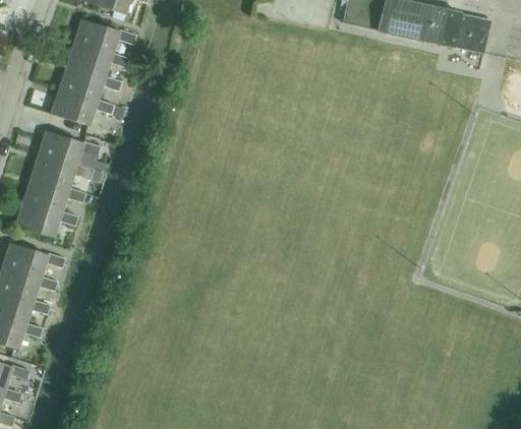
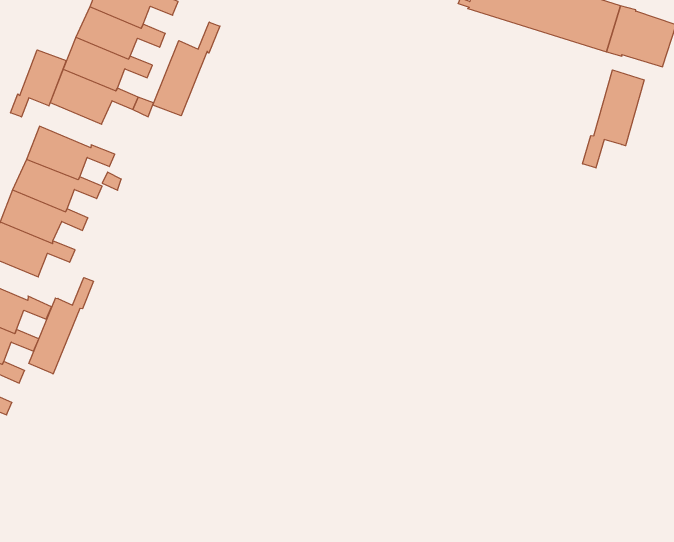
building: none -> [153,22,220,116]
building: none -> [583,70,644,168]
building: none -> [11,50,66,117]
building: none -> [29,278,94,374]

